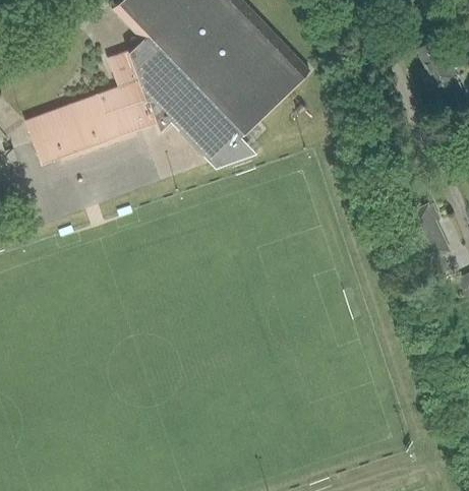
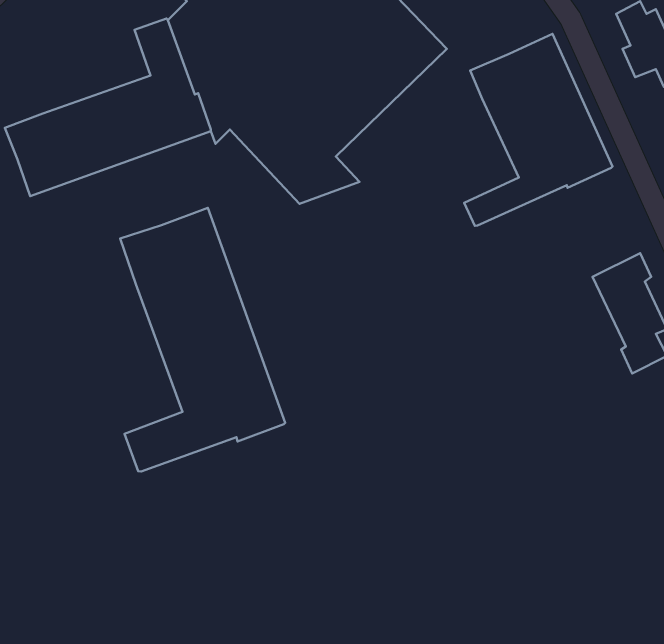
building: none -> [464,34,613,226]
building: none -> [120,208,285,471]

